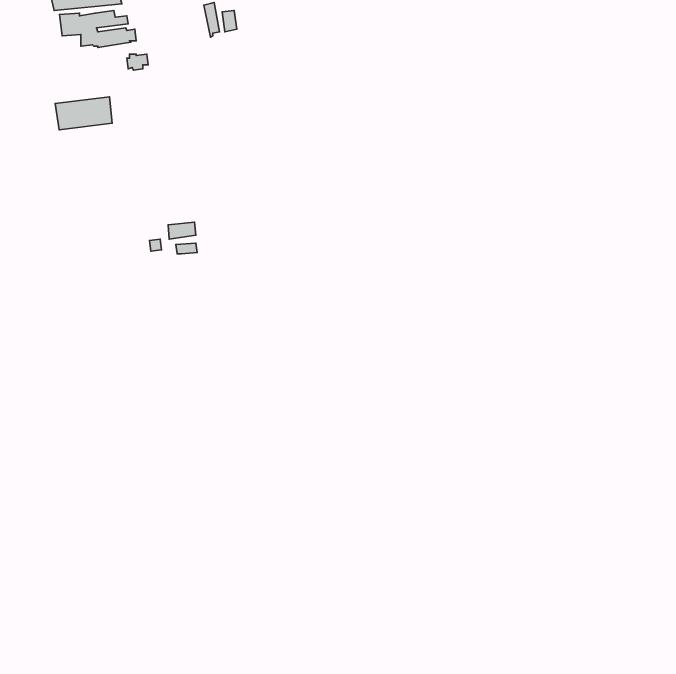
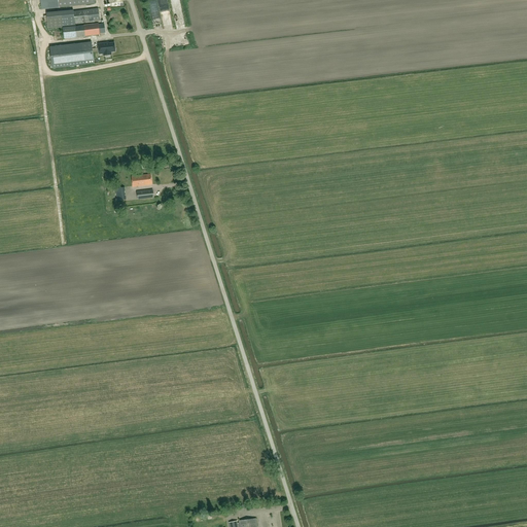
building: [55,97,112,130] -> [49,41,94,67]

